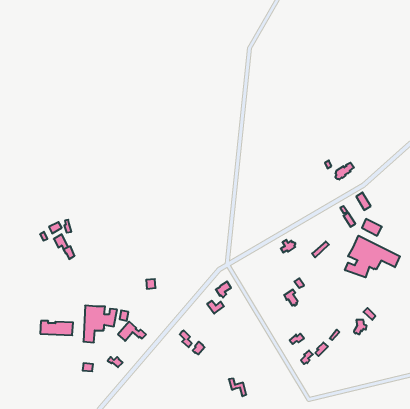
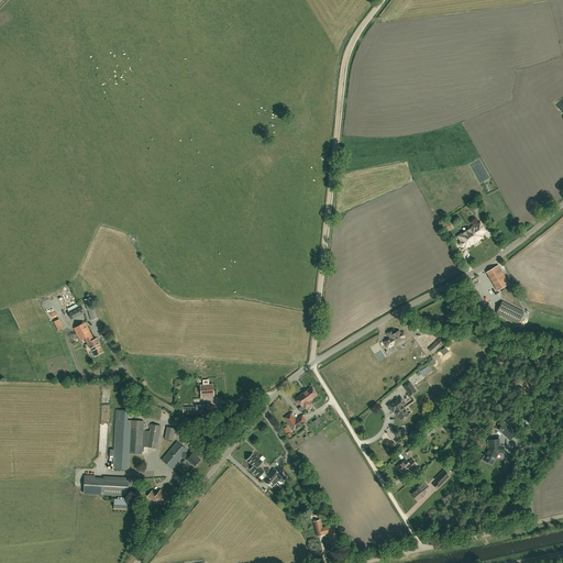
building: [345,236,400,277] -> none
building: [40,321,73,335] -> [84,475,129,495]

